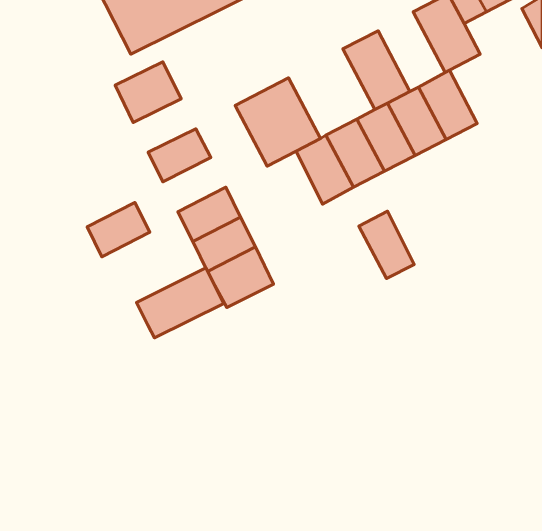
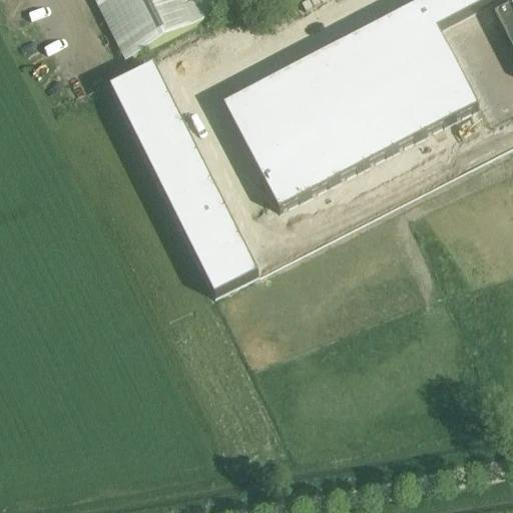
building: none -> [356,11,419,86]
building: none -> [272,46,353,130]
building: none -> [423,51,478,116]
building: none -> [125,93,184,143]
building: [87,202,150,257] -> [153,148,212,199]
building: [359,211,414,278] -> [251,142,304,205]
building: [136,268,224,338] -> none

